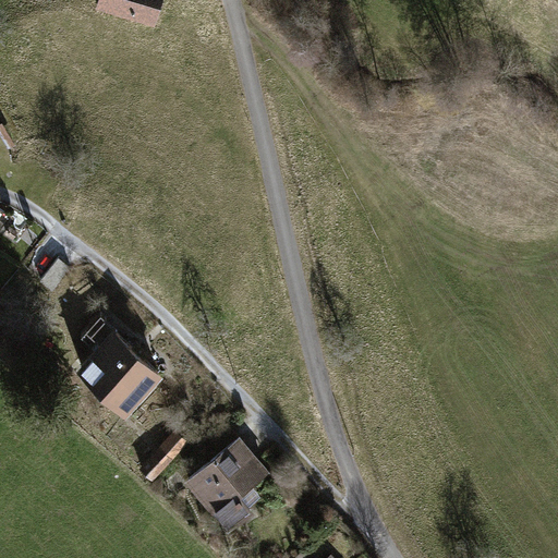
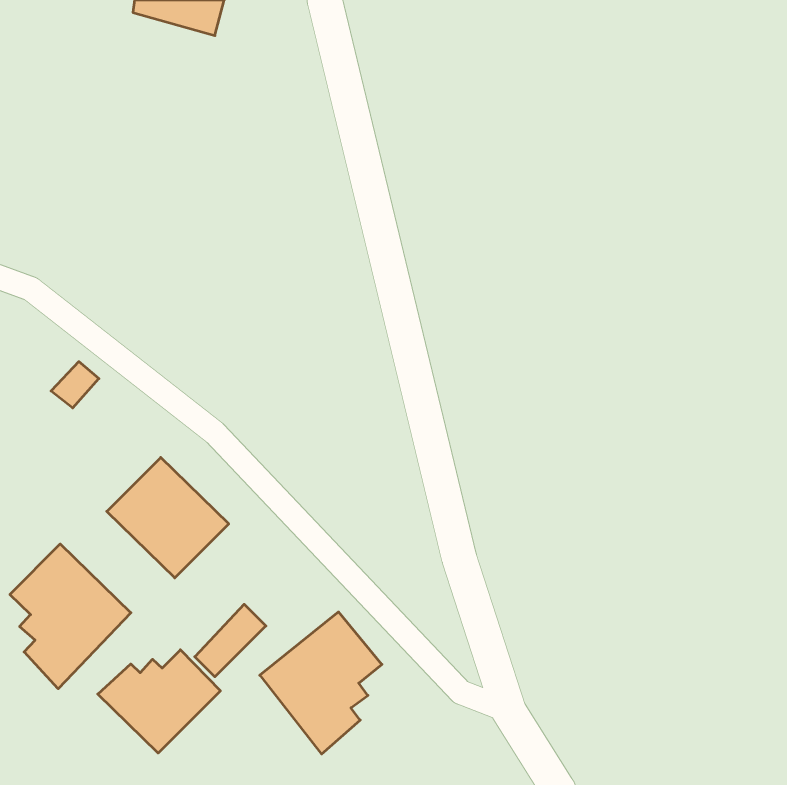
building: none -> [10,544,131,689]
building: none -> [98,650,220,753]

